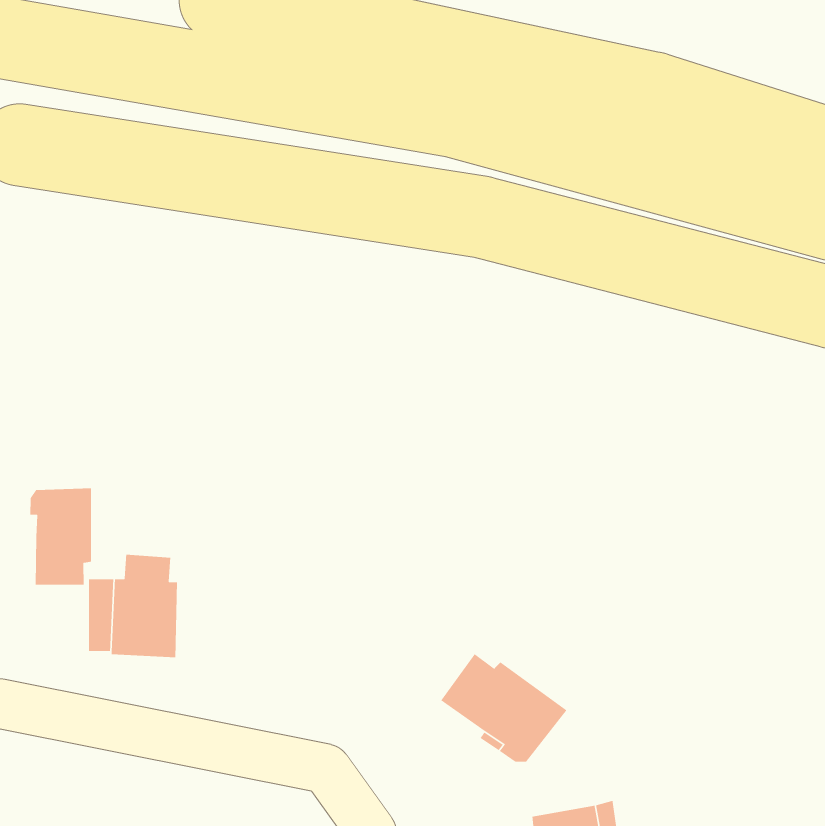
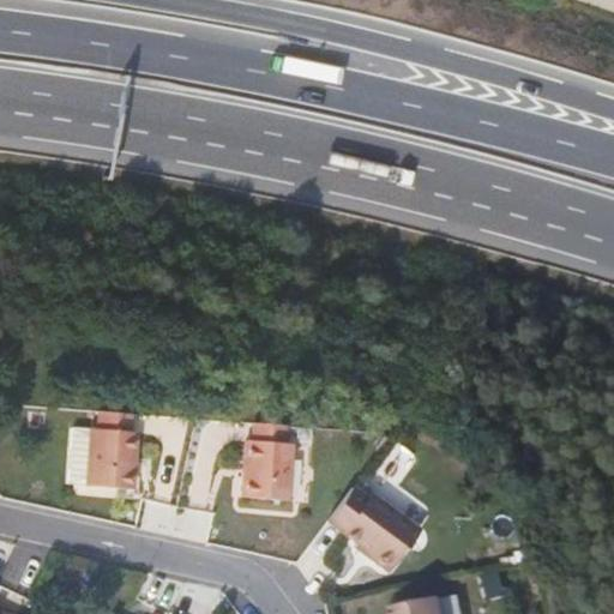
building: [30,488,92,585] -> none
building: none -> [243,422,295,498]

